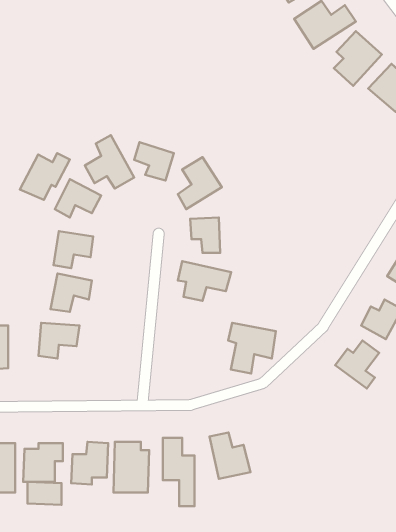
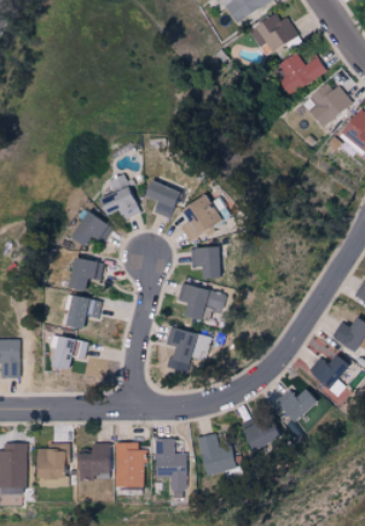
building: [20,153,70,200] -> none
building: [228,323,276,373] -> [163,328,205,373]
building: none -> [278,388,317,422]
building: none -> [243,417,280,451]

